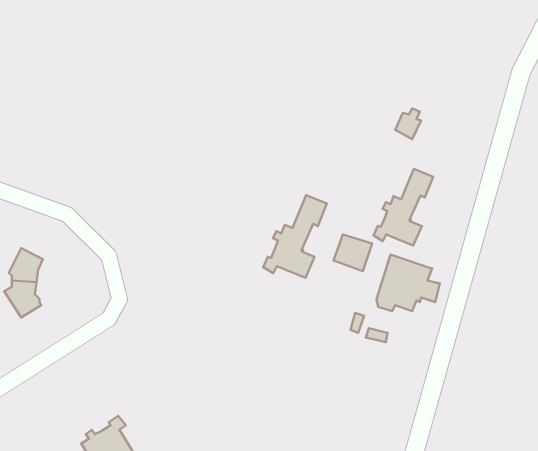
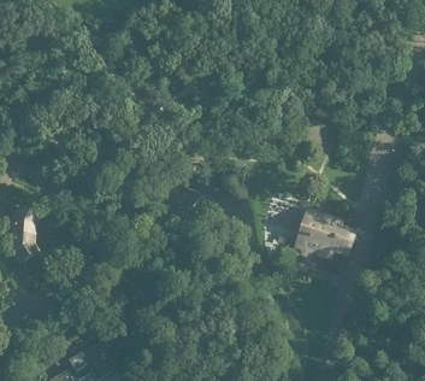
building: [374,169,433,246] -> none
building: [263,195,327,278] -> none

